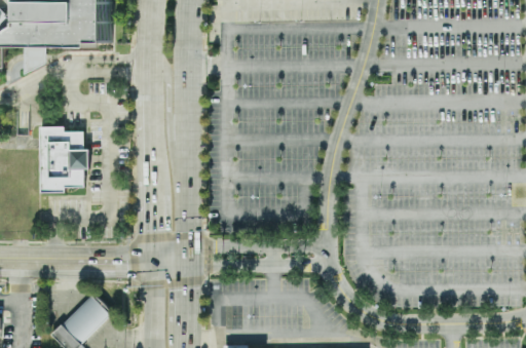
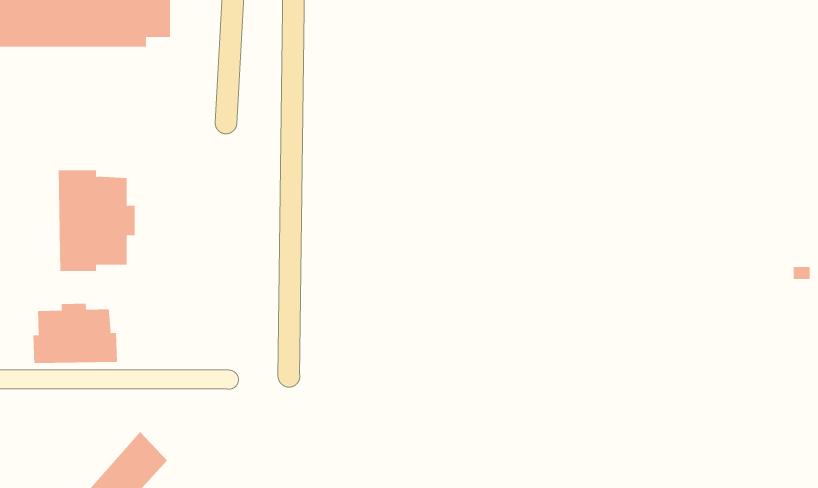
building: none -> [33,303,117,364]

